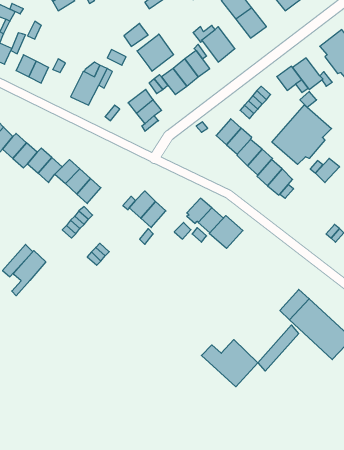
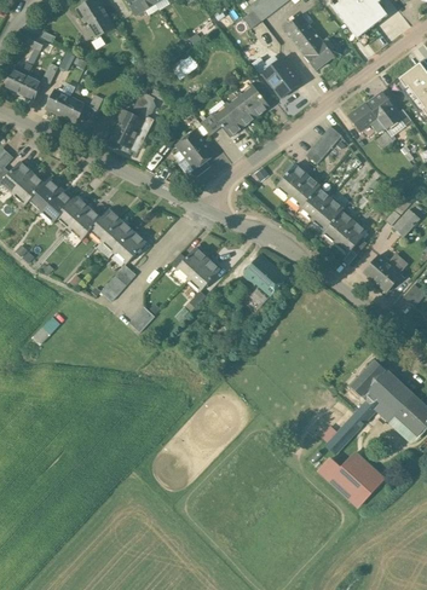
building: [137,34,174,71] -> none
building: [272,105,332,164] -> none
building: none -> [364,255,400,291]
building: [209,216,243,248] -> none
building: [12,251,46,296] -> none
building: [201,340,258,387] -> [317,452,382,507]

